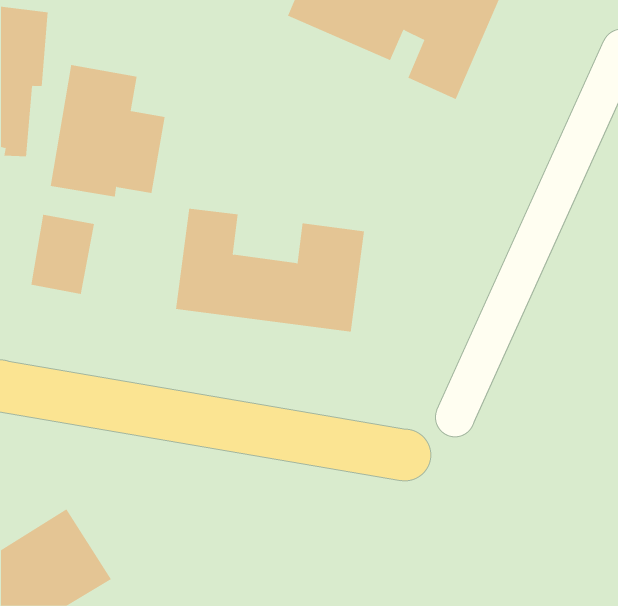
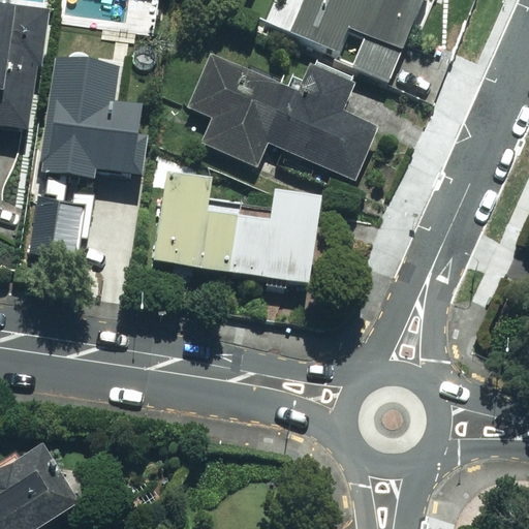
building: none -> [186,51,377,180]

